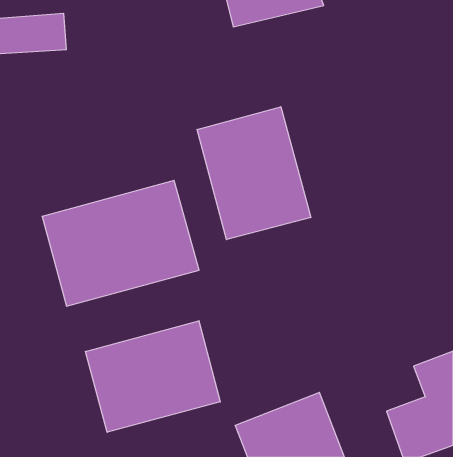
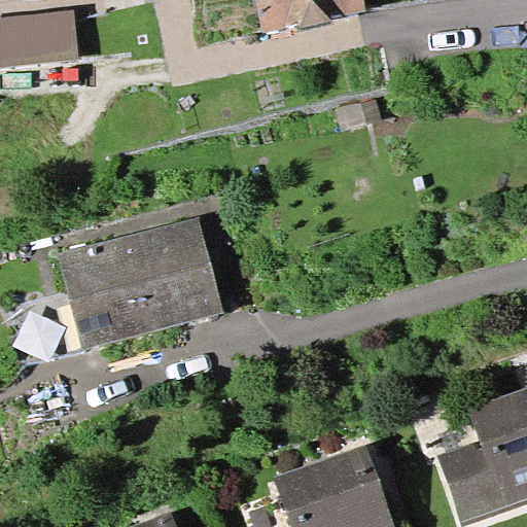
building: [197,107,311,240] -> none
building: [85,321,220,432] -> none

